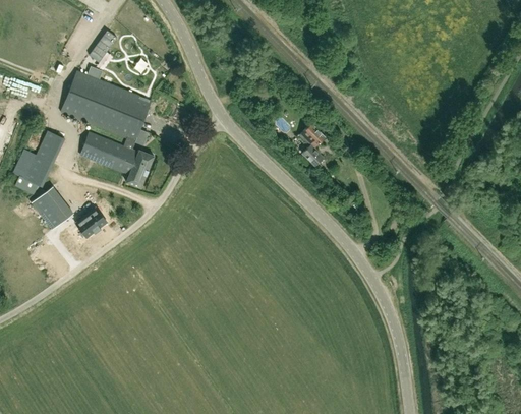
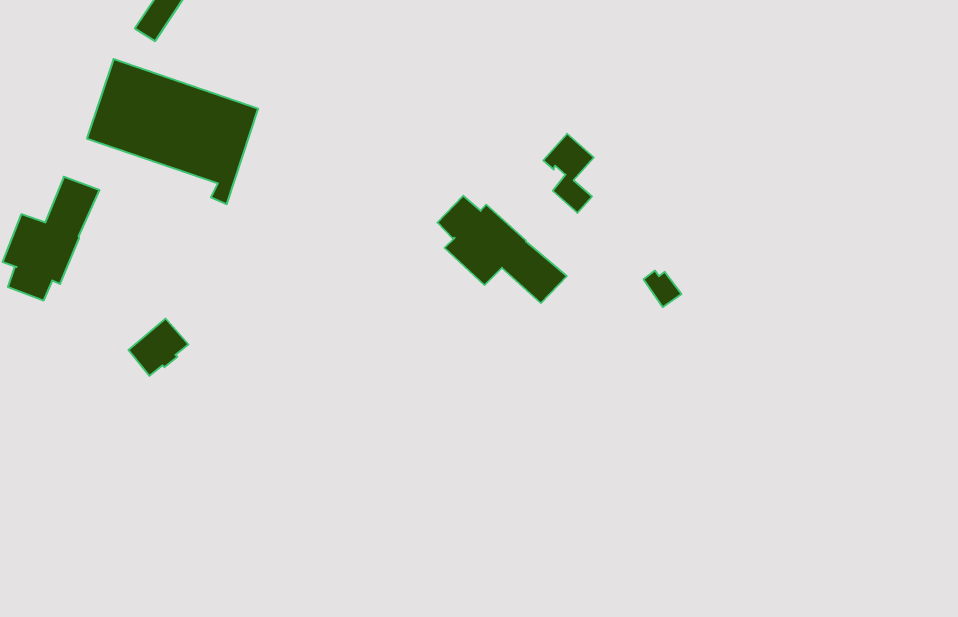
building: [80,132,153,186] -> none
building: none -> [437,196,567,303]
building: [32,186,72,229] -> none

